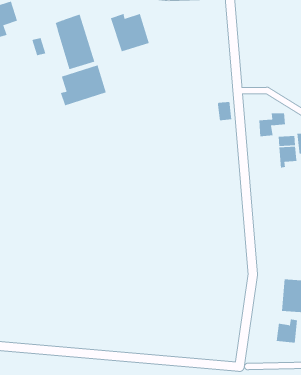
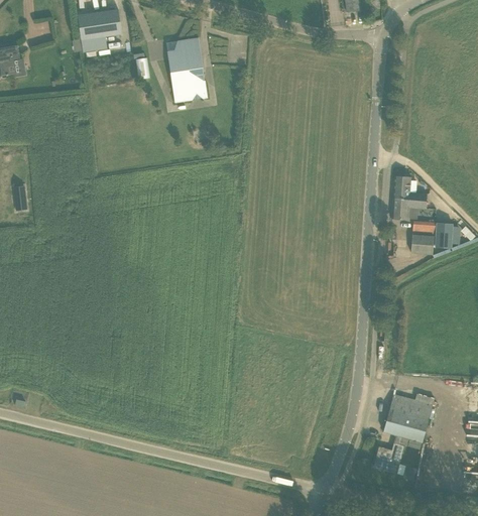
building: [110,13,150,52] -> none
building: [60,65,106,106] -> none
building: [217,101,232,121] -> [393,174,410,199]

